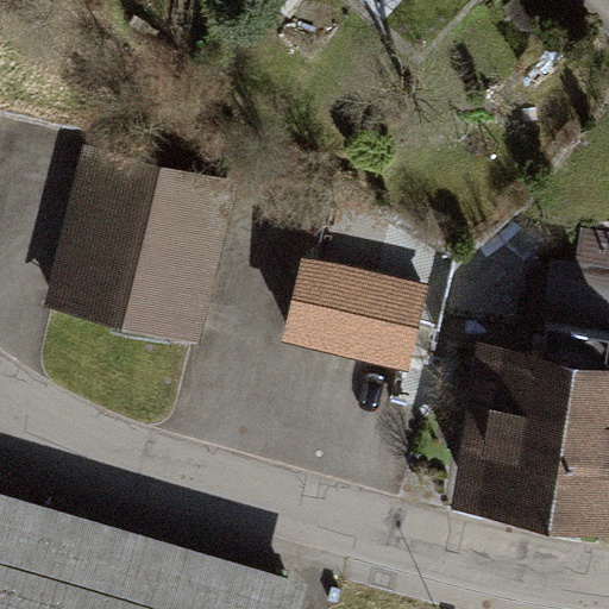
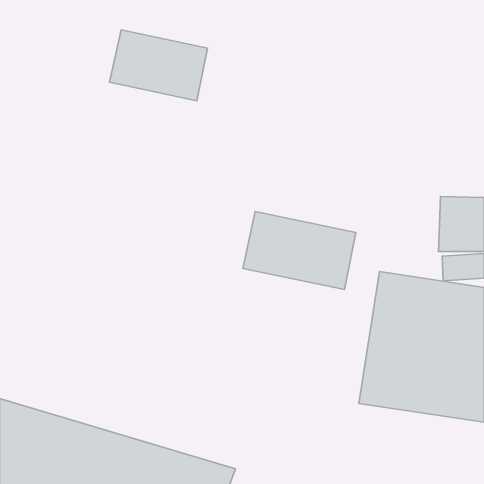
building: none -> [109,30,208,101]
building: [58,145,241,337] -> none

